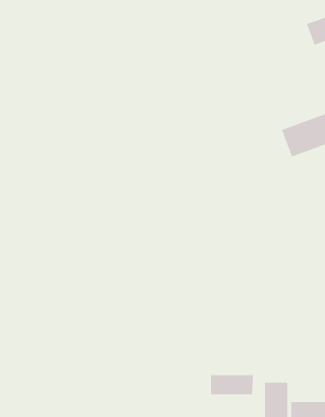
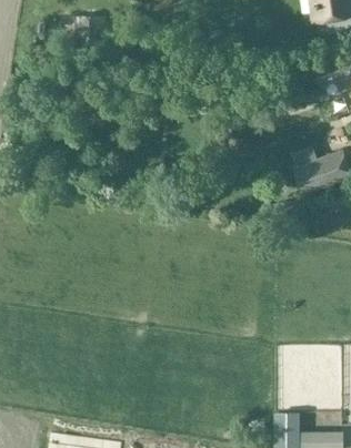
building: [211,375,254,395] -> none

